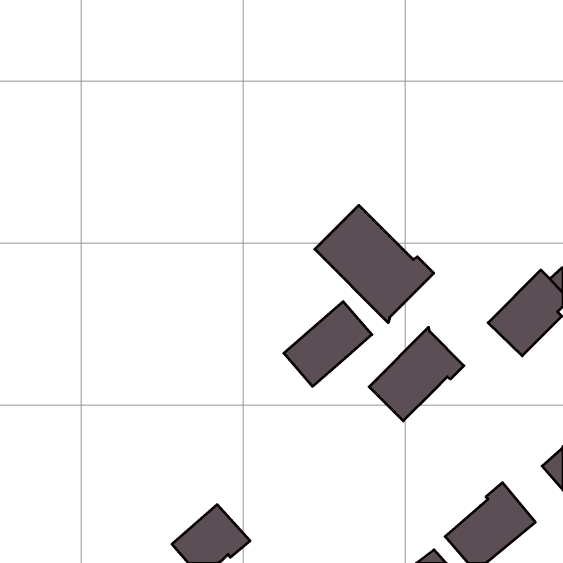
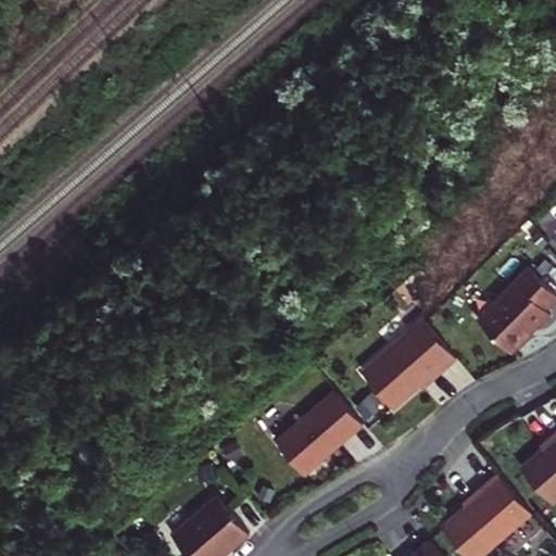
building: [315,205,434,323] -> none
building: [284,302,372,386] -> [274,393,361,477]

